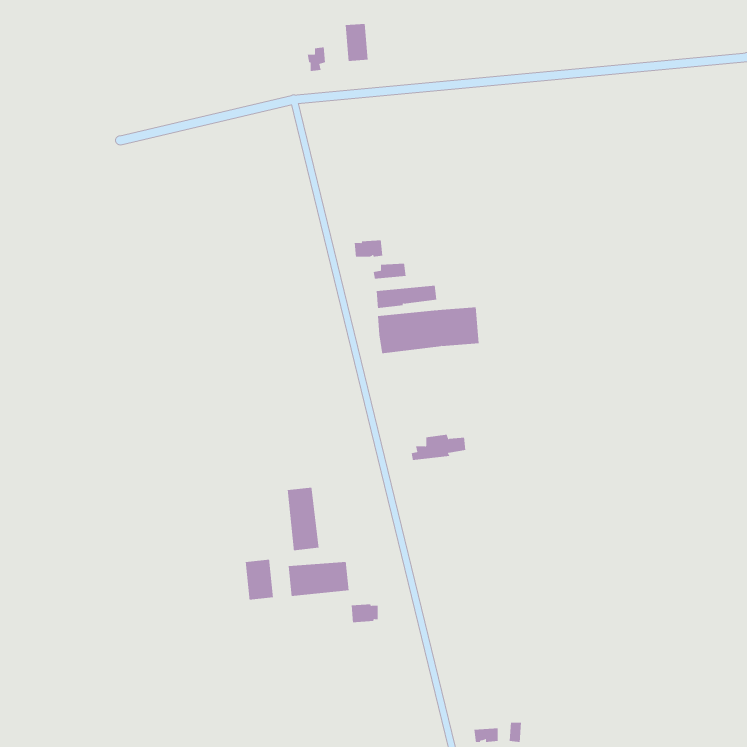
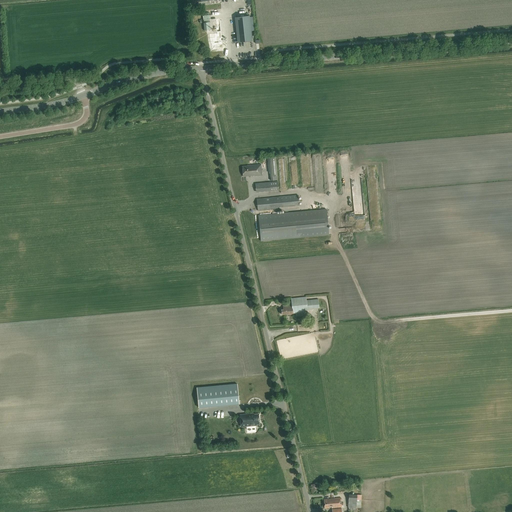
building: [287,487,319,551] -> none
building: [245,559,273,601] -> none

